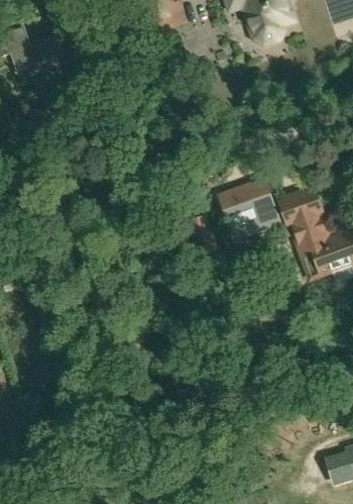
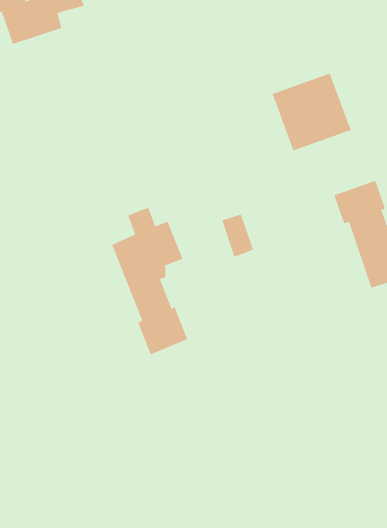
building: [215,175,279,238] -> [272,73,351,151]
building: none -> [112,207,188,355]

